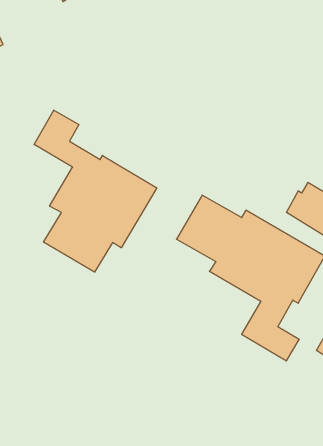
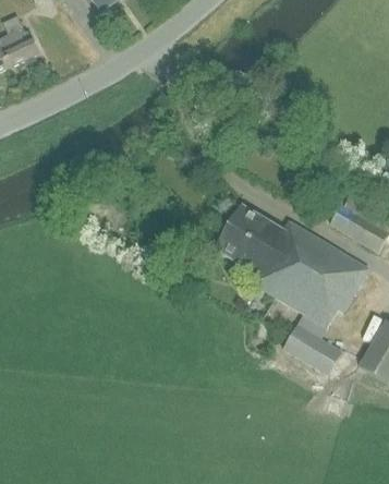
building: [34,110,157,272] -> none

